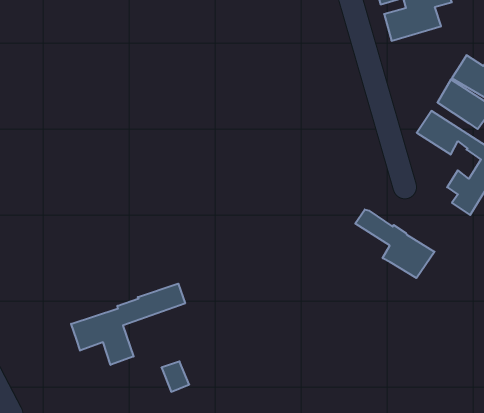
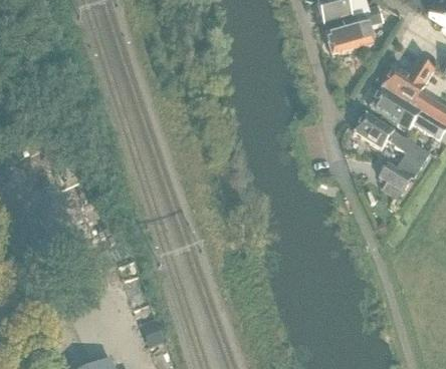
building: [355,209,435,278] -> none
building: [71,284,185,365] -> none

